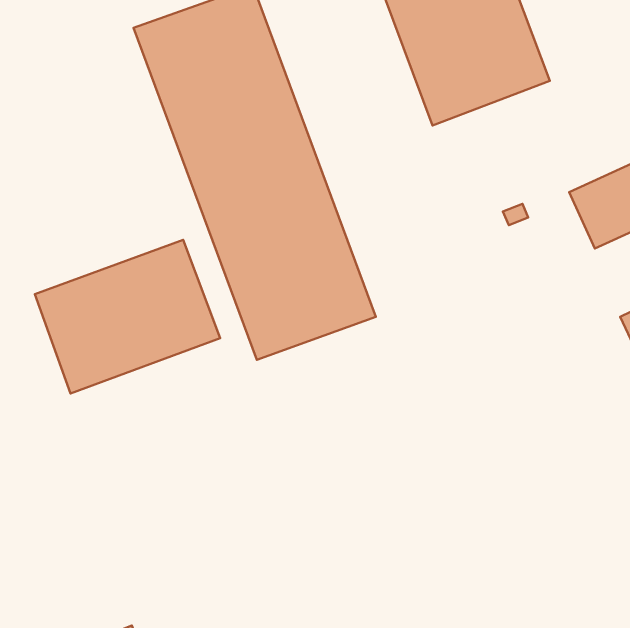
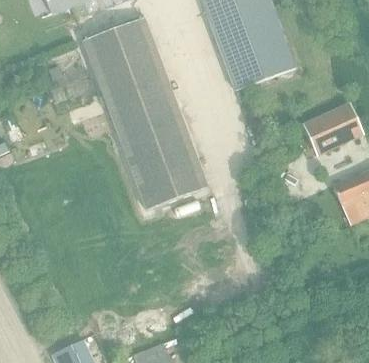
building: [35,240,220,393] -> none

